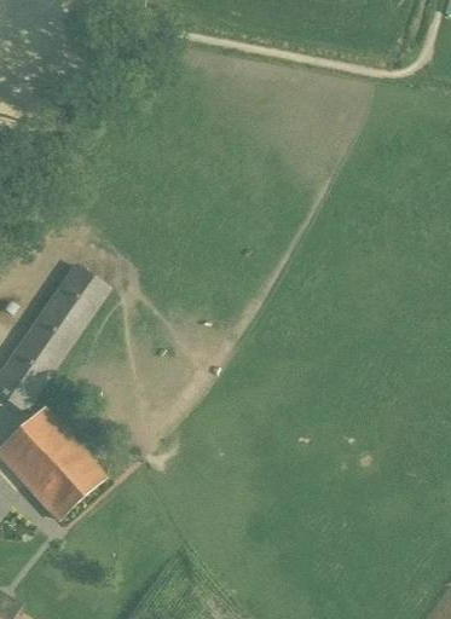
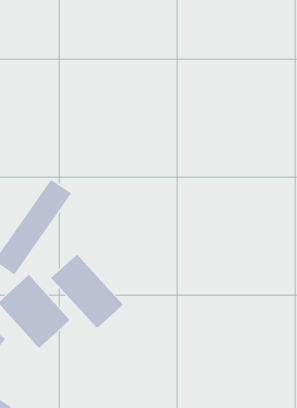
building: none -> [50,254,124,329]

